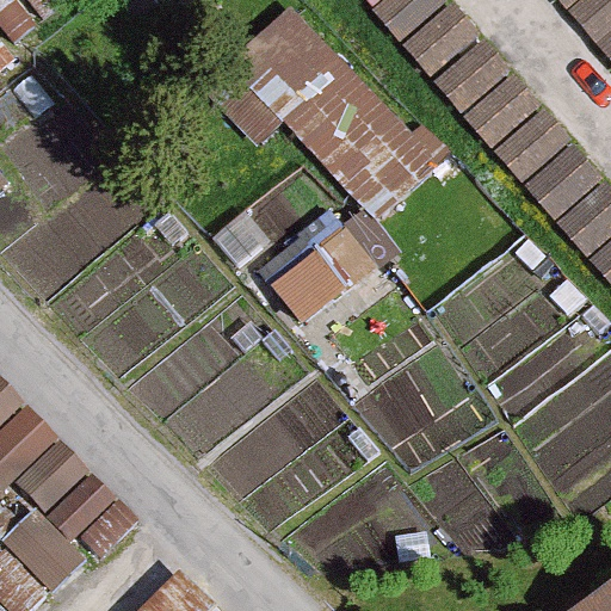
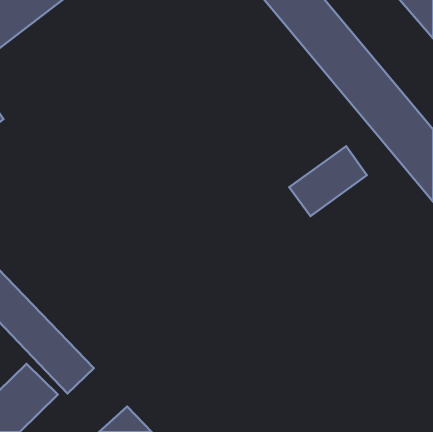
building: [243,20,440,227] -> none
building: [265,221,374,319] -> [289,146,367,216]

